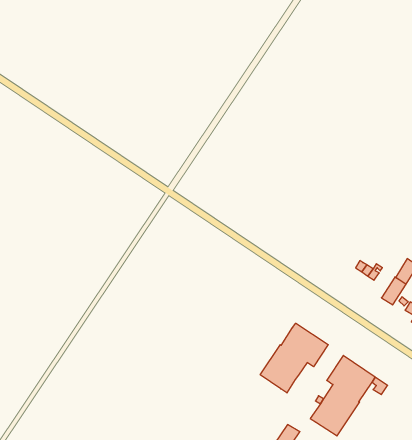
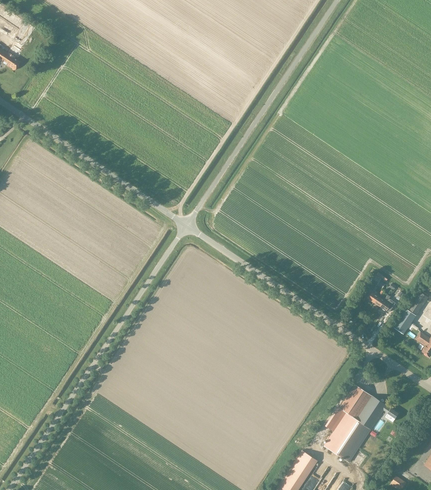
building: [260,323,328,393] -> none

